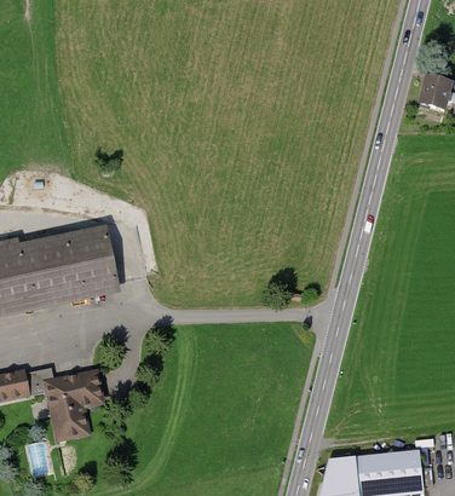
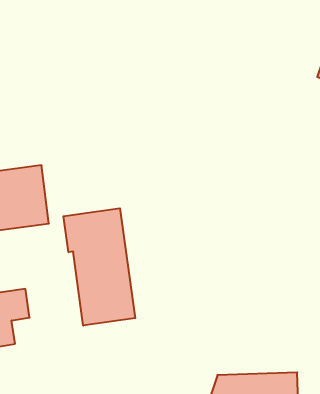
building: none -> [63,208,135,326]

